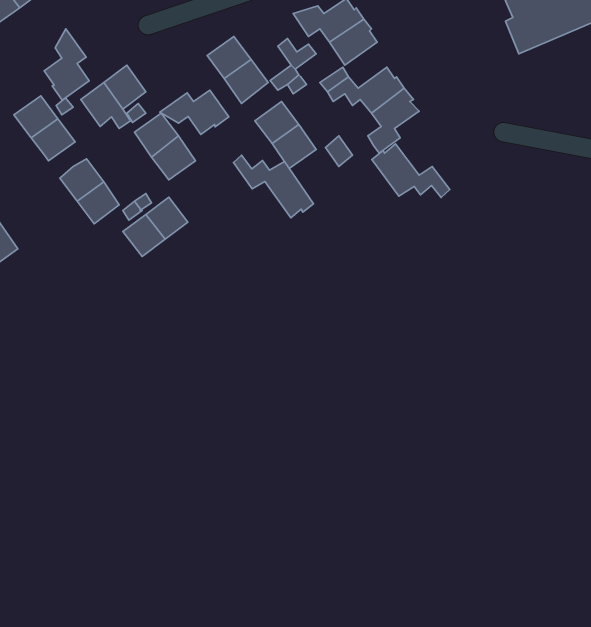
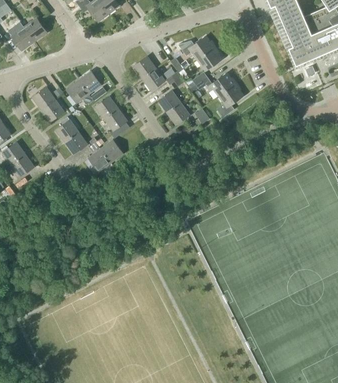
building: [44,29,89,100] -> none
building: [160,90,229,134] -> none
building: [372,144,450,197] -> none
building: [233,155,313,218] -> none

